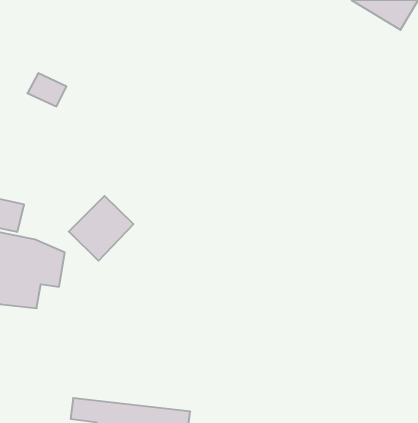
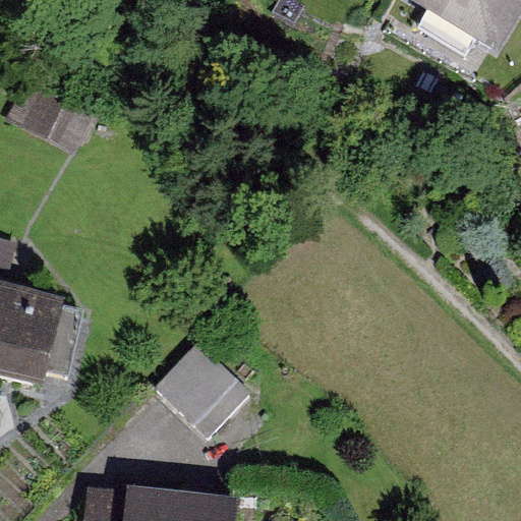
building: [69,196,133,261] -> [155,340,234,419]

